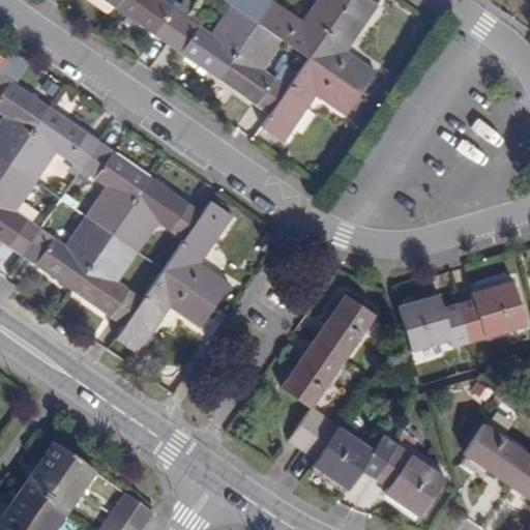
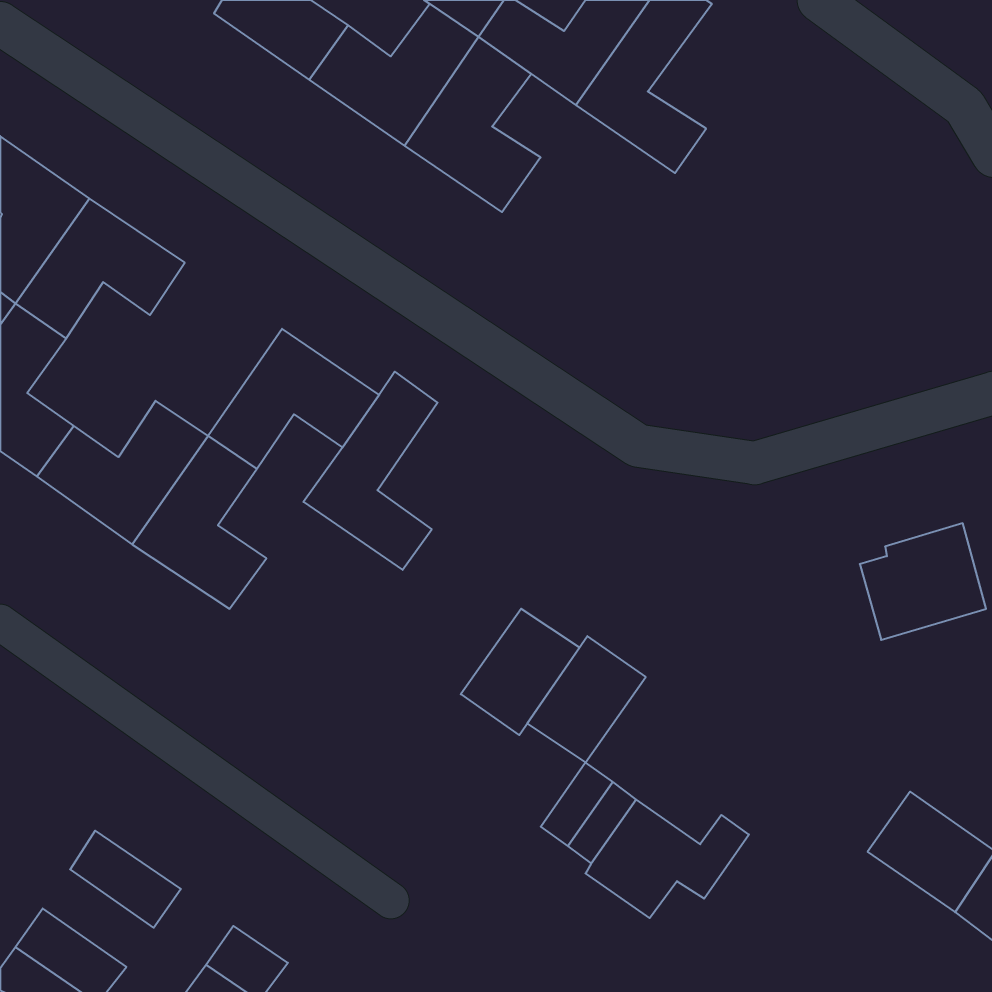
building: [261,57,360,141] -> none
building: [81,141,151,233] -> none
building: [115,268,215,353] -> none
building: [398,293,470,351] -> none
building: [314,294,377,361] -> [461,609,579,735]
building: [376,445,446,517] -> none
building: [24,464,83,516] -> none

